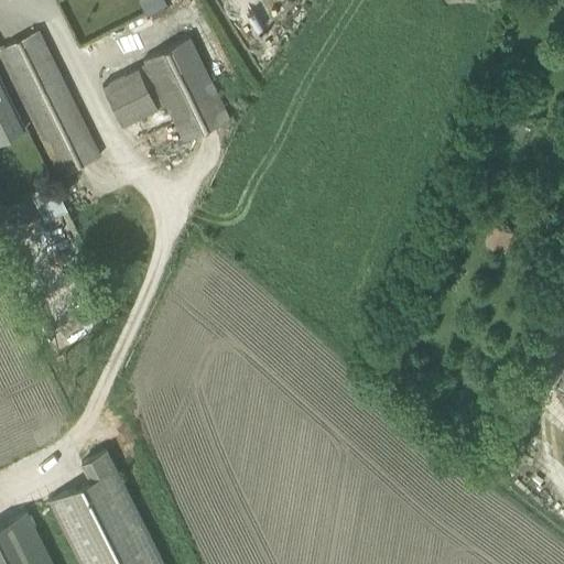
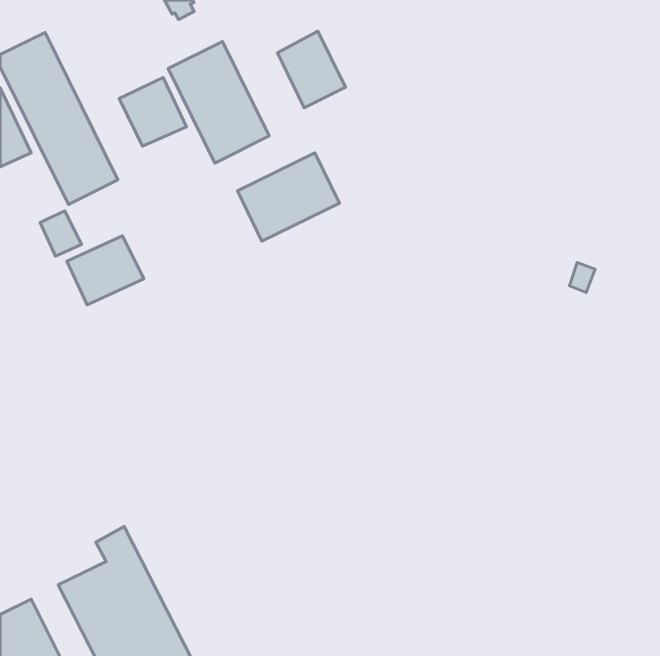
building: none -> [277,31,346,108]
building: none -> [237,153,339,241]
building: none -> [67,236,144,305]

